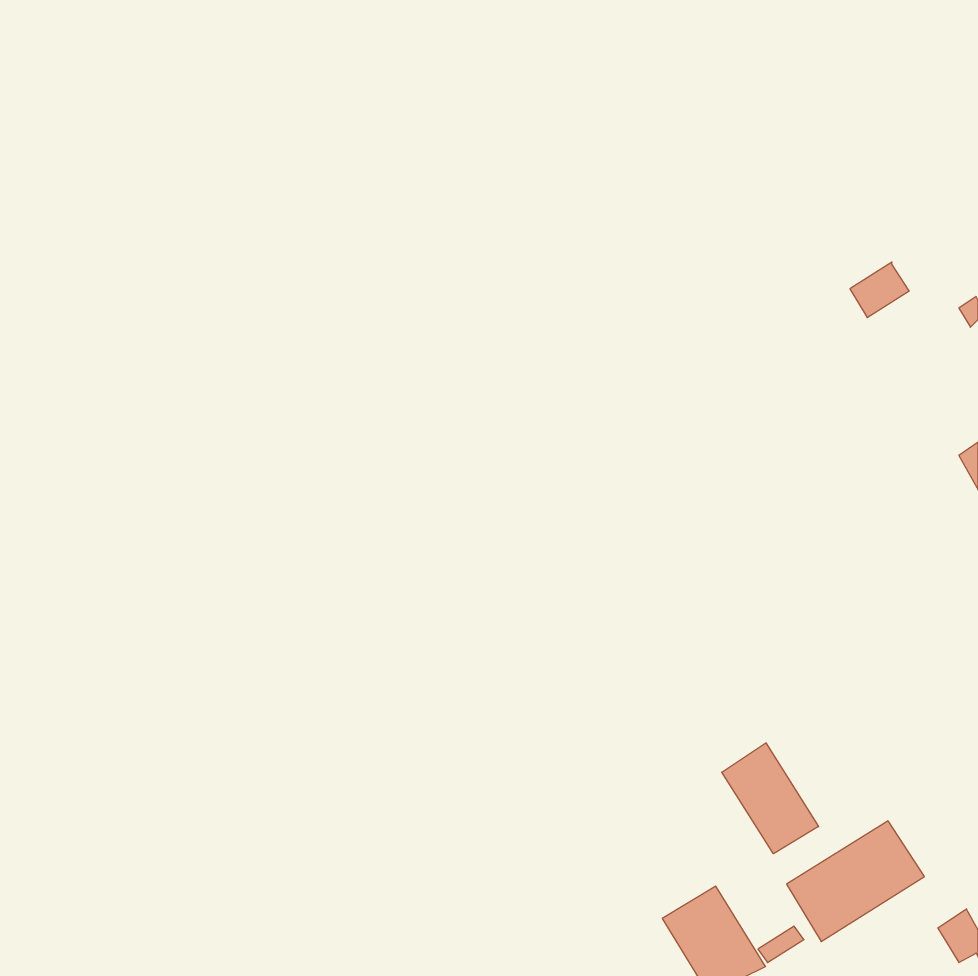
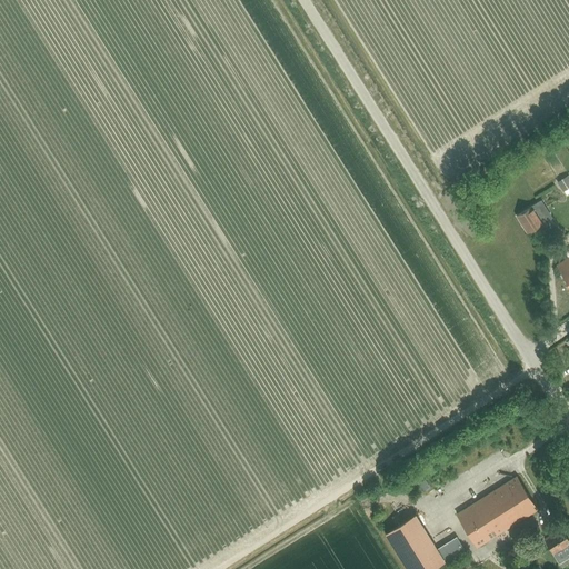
building: [850,262,909,318] -> [517,201,551,233]
building: [722,743,819,854] -> none

